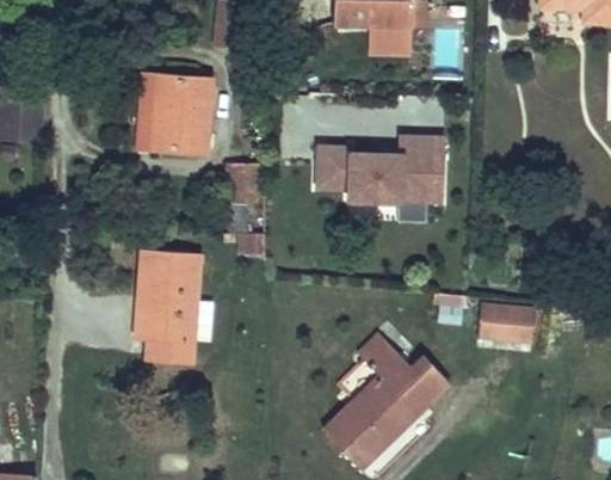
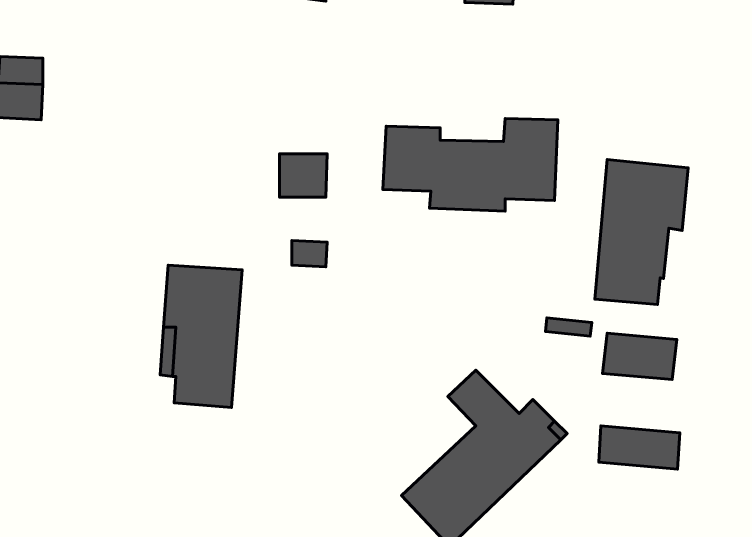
building: [137,74,211,153] -> none
building: none -> [595,159,688,304]
building: none -> [599,426,680,469]

